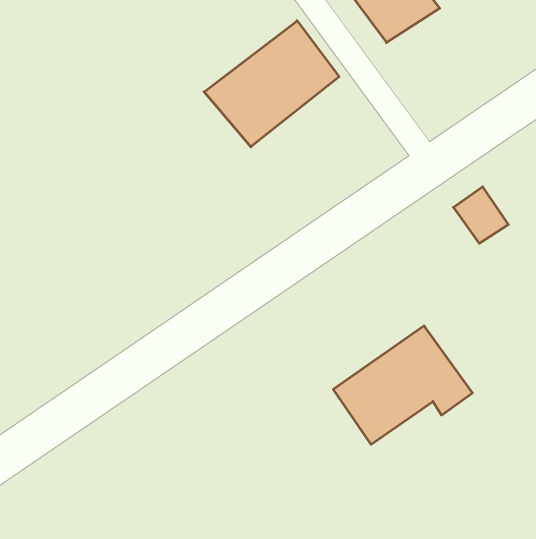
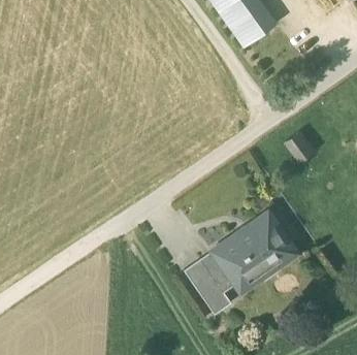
building: [204,21,339,147] -> none
building: none -> [185,251,236,314]

